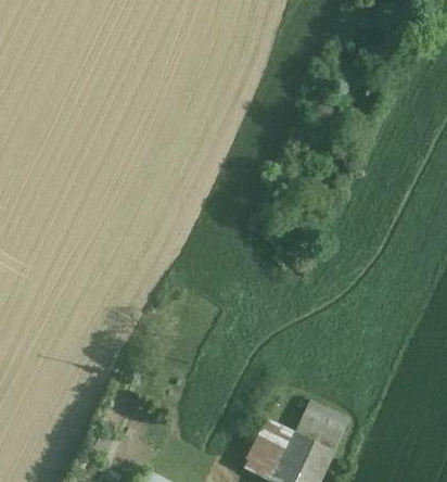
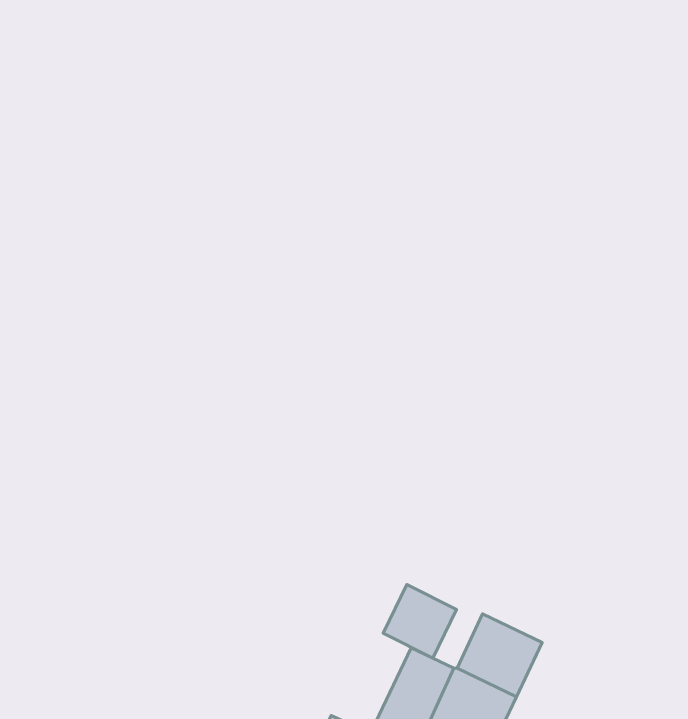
building: none -> [383,585,457,658]

